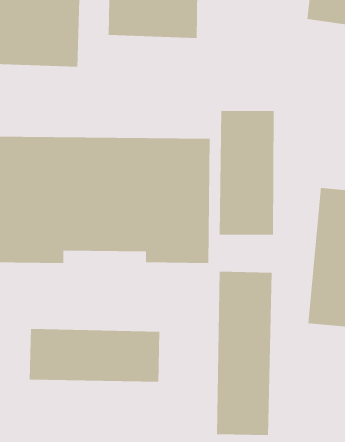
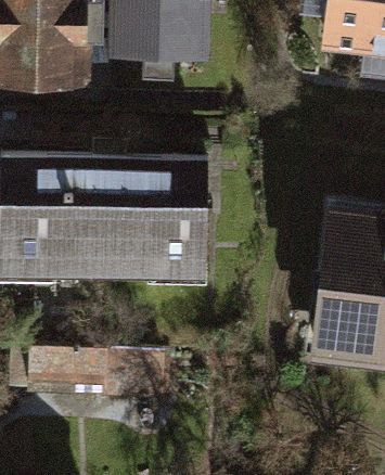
building: [219,110,275,236] -> none
building: [216,271,273,436] -> none

